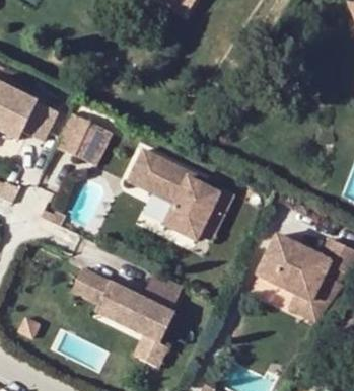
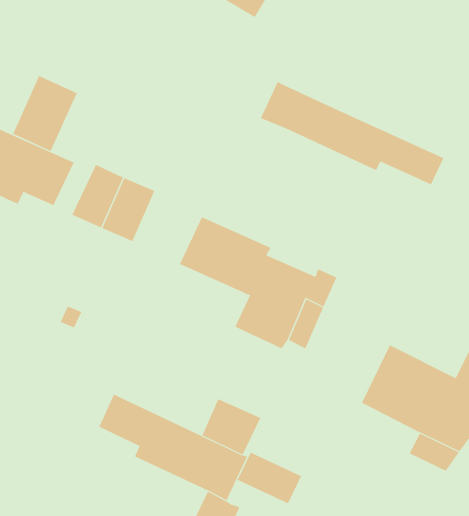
building: none -> [12,75,77,152]
building: none -> [260,81,444,185]
building: none -> [237,452,302,504]

